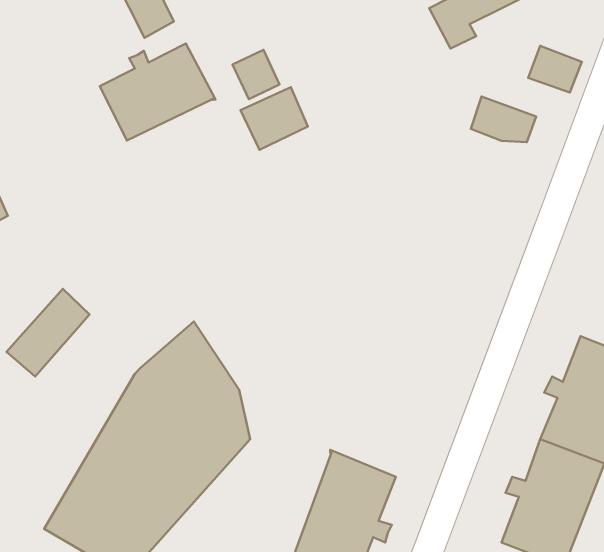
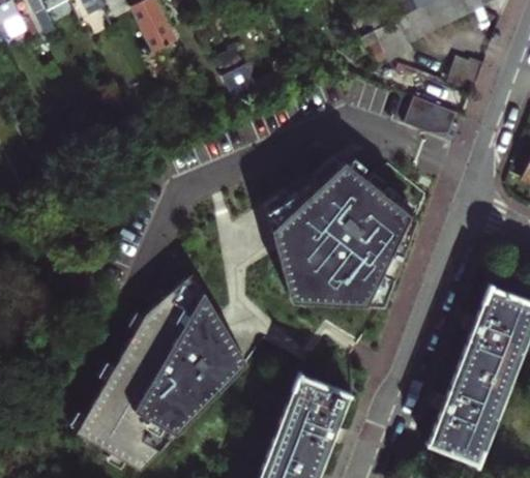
building: [100,43,216,140] -> none
building: [241,87,308,150] -> none
building: none -> [267,161,416,305]
building: [7,289,90,376] -> none

